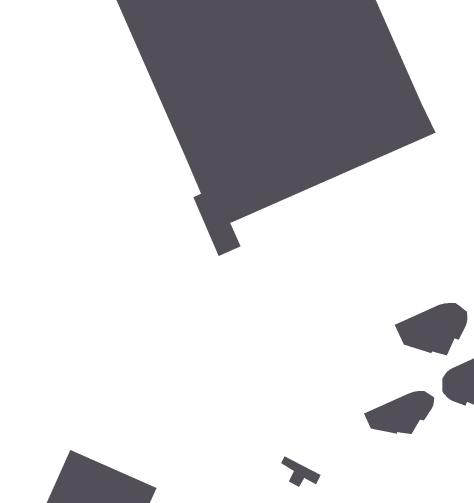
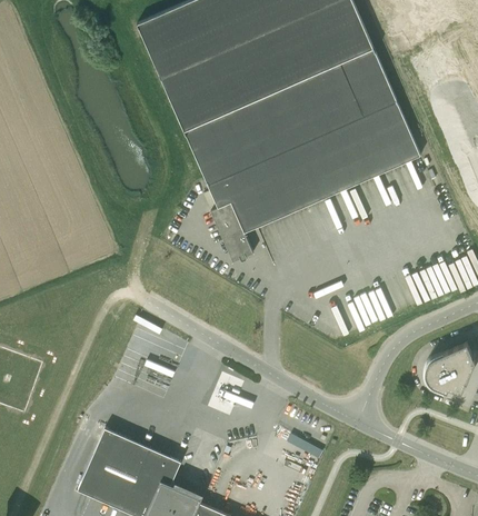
building: [394,302,468,356] -> none
building: [363,390,435,435] -> none

